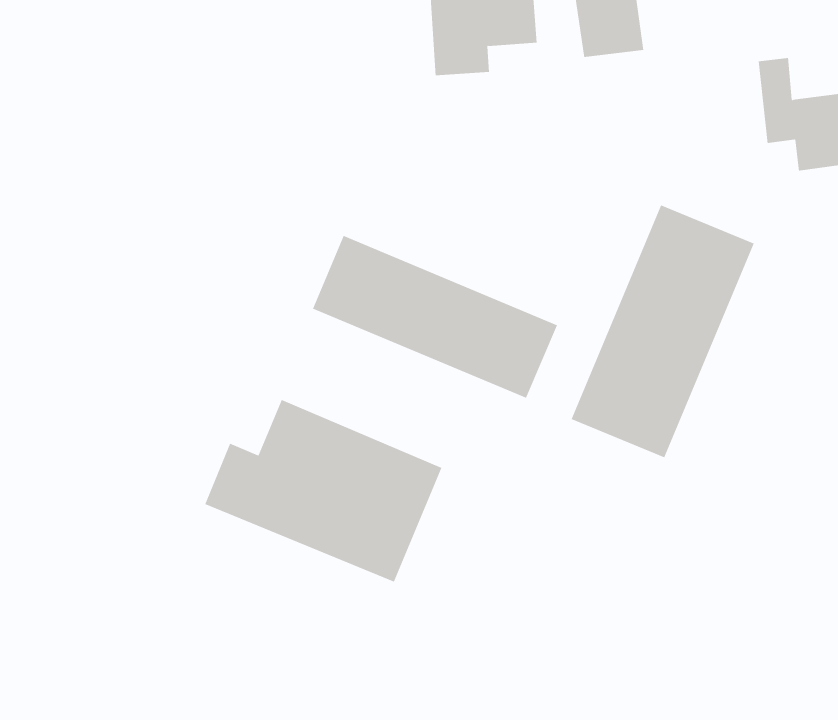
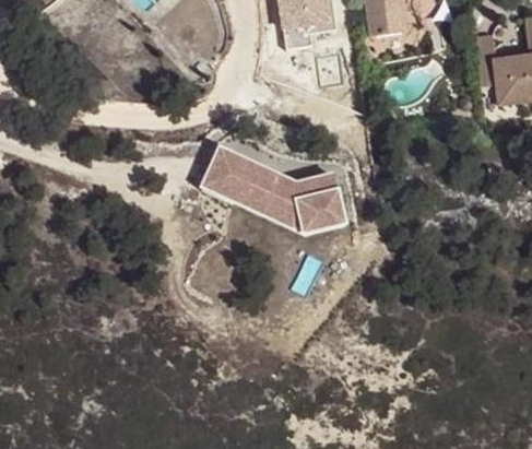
building: [571,204,755,458] -> none
building: [204,399,442,582] -> none

